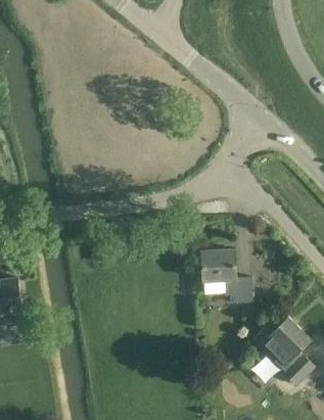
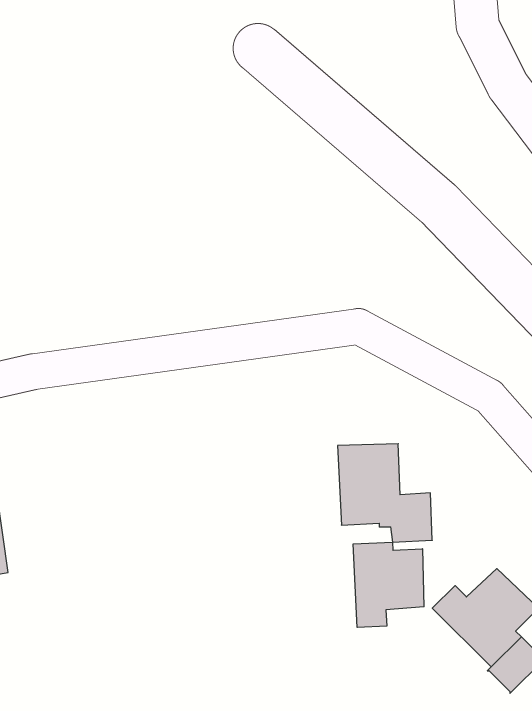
building: none -> [353,542,424,627]

